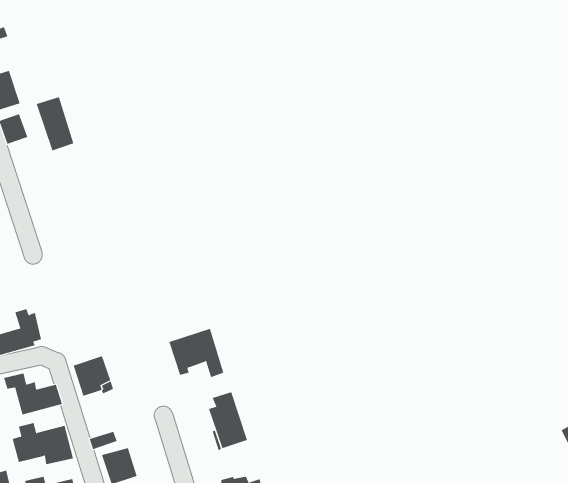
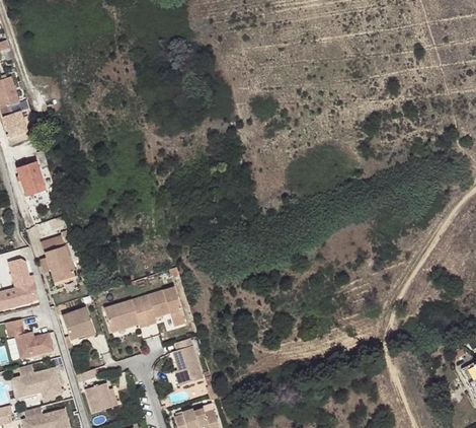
building: [36,96,74,151] -> [16,161,48,206]
building: none -> [41,234,74,282]
building: none -> [106,297,150,333]

